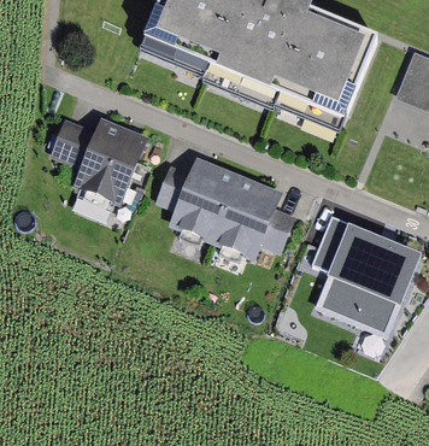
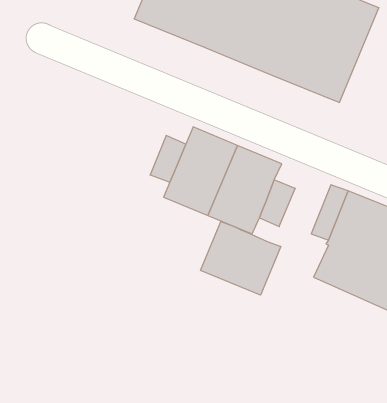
building: [49,115,148,205] -> none
building: none -> [200,222,281,295]

